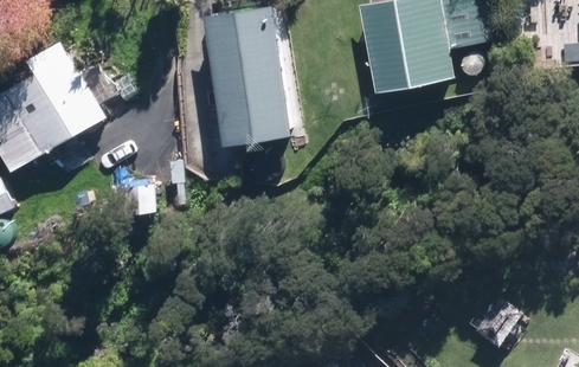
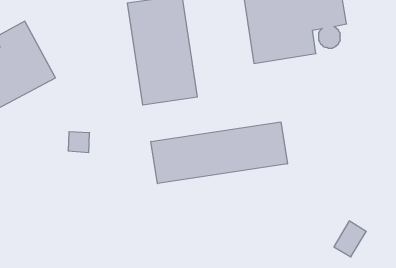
building: none -> [151,122,287,184]

